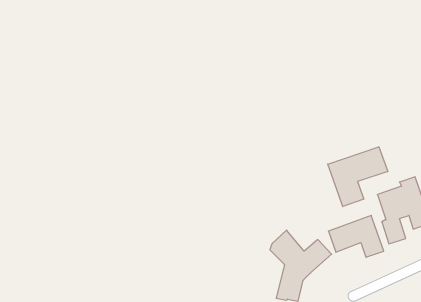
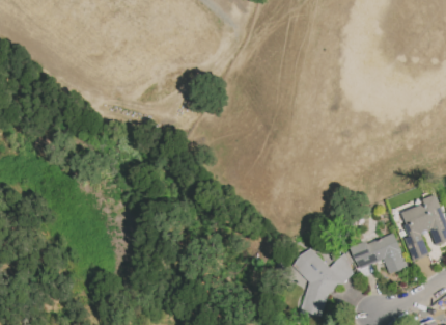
building: [328,147,388,207] -> none

